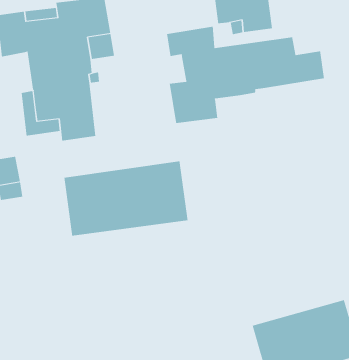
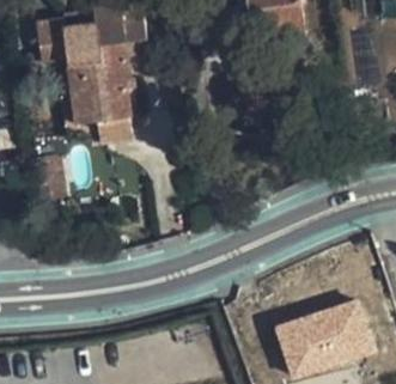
building: [166,26,325,124] -> none
building: [64,160,188,236] -> none

